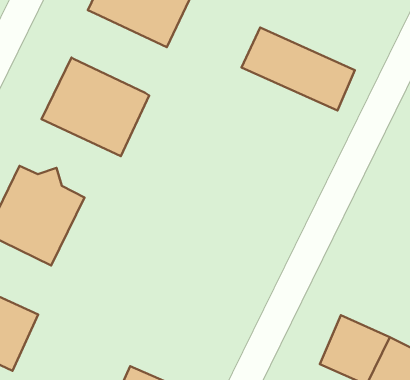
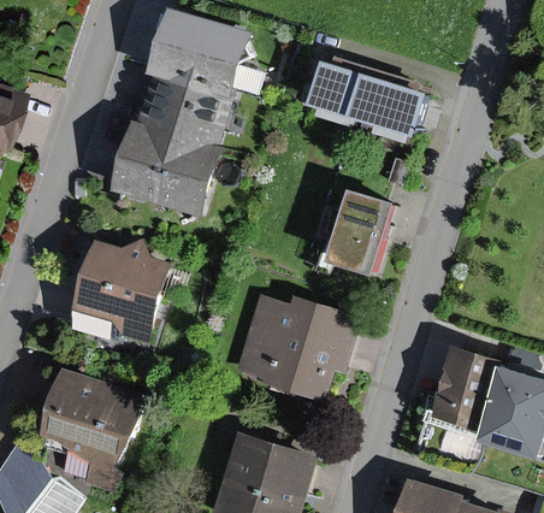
building: none -> [134,72,229,147]
building: none -> [313,194,390,273]
building: none -> [237,296,349,396]

